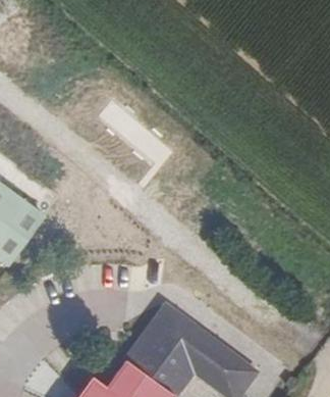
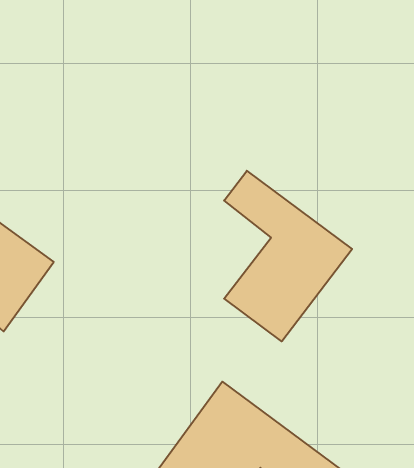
building: none -> [224,171,352,341]

